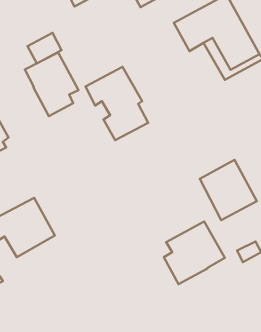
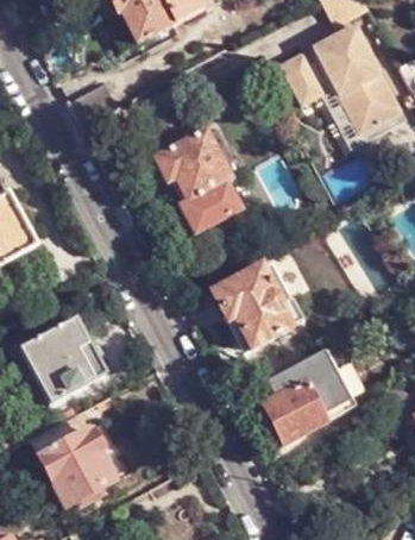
building: [25,52,78,116] -> none
building: [200,160,257,220] -> [213,263,295,350]
building: none -> [40,427,117,504]

